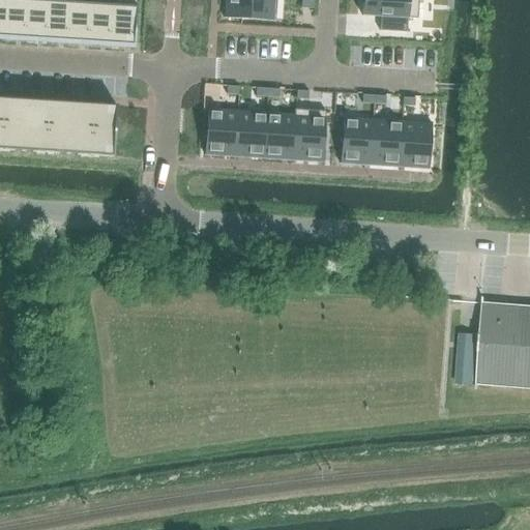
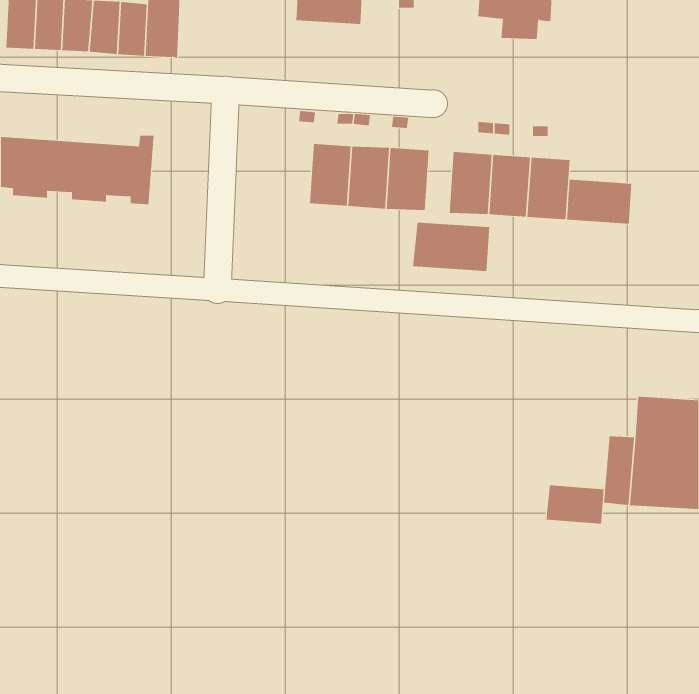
building: [204,107,237,154] -> none
building: none -> [566,179,632,225]
building: none -> [413,222,490,272]
building: none -> [546,484,604,525]

